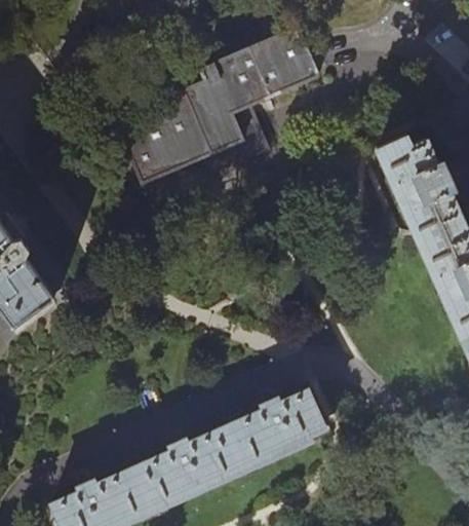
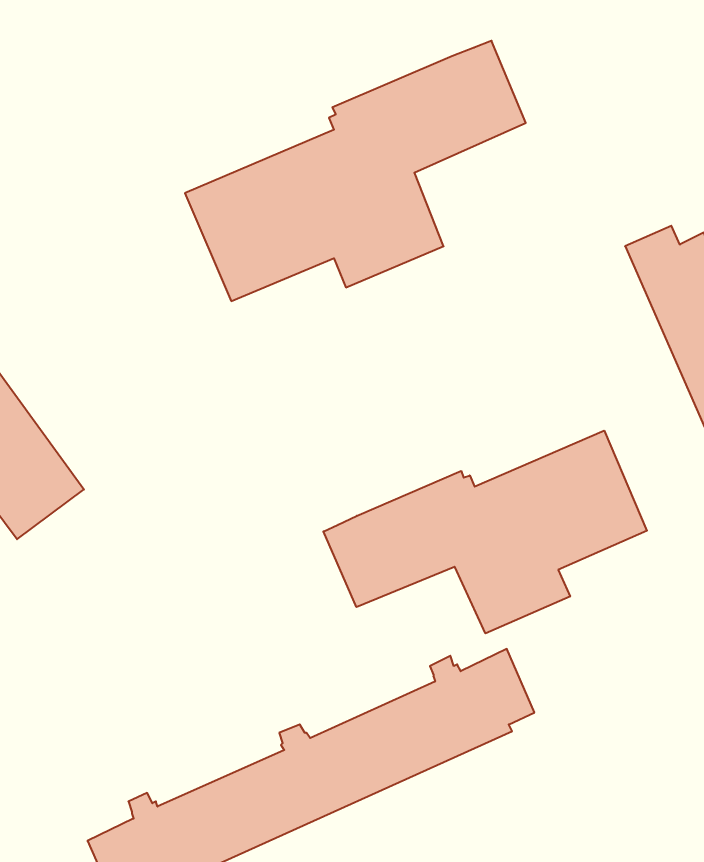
building: none -> [323,431,647,633]

